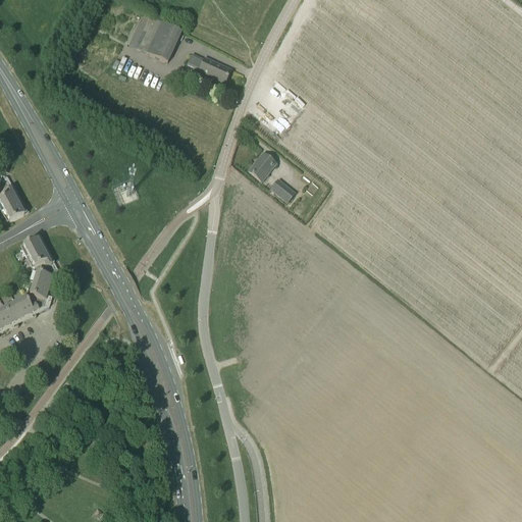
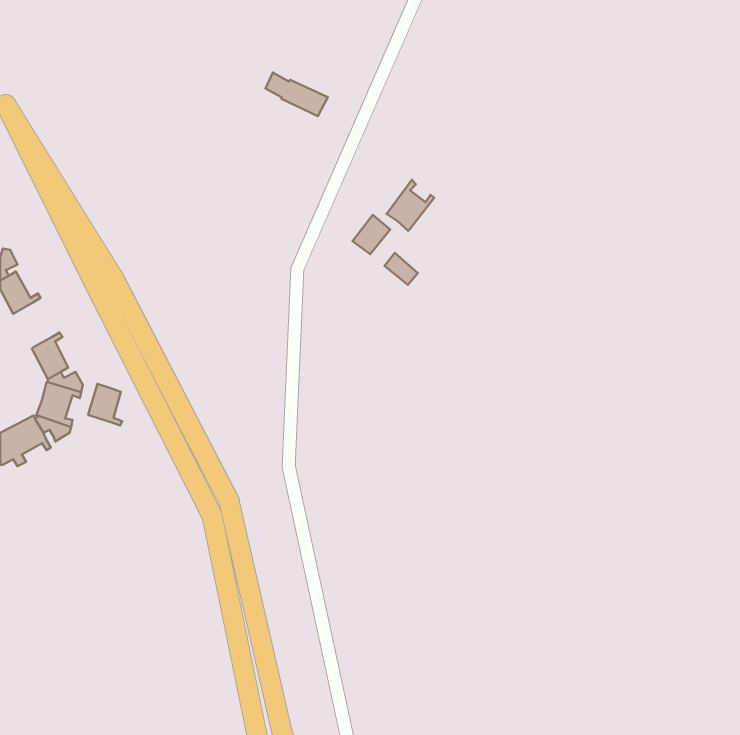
building: [128,11,181,60] -> none
building: none -> [386,180,434,231]
building: none -> [88,384,122,425]

